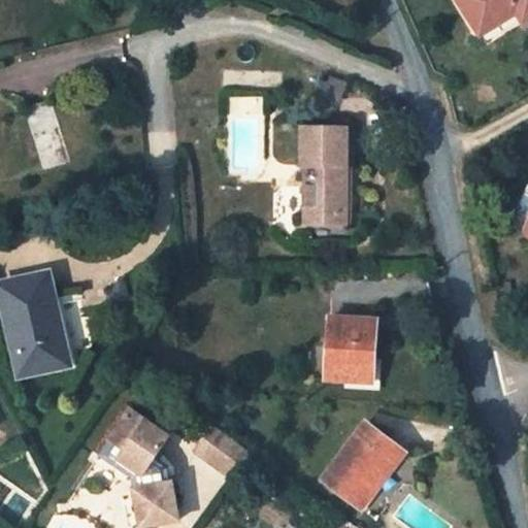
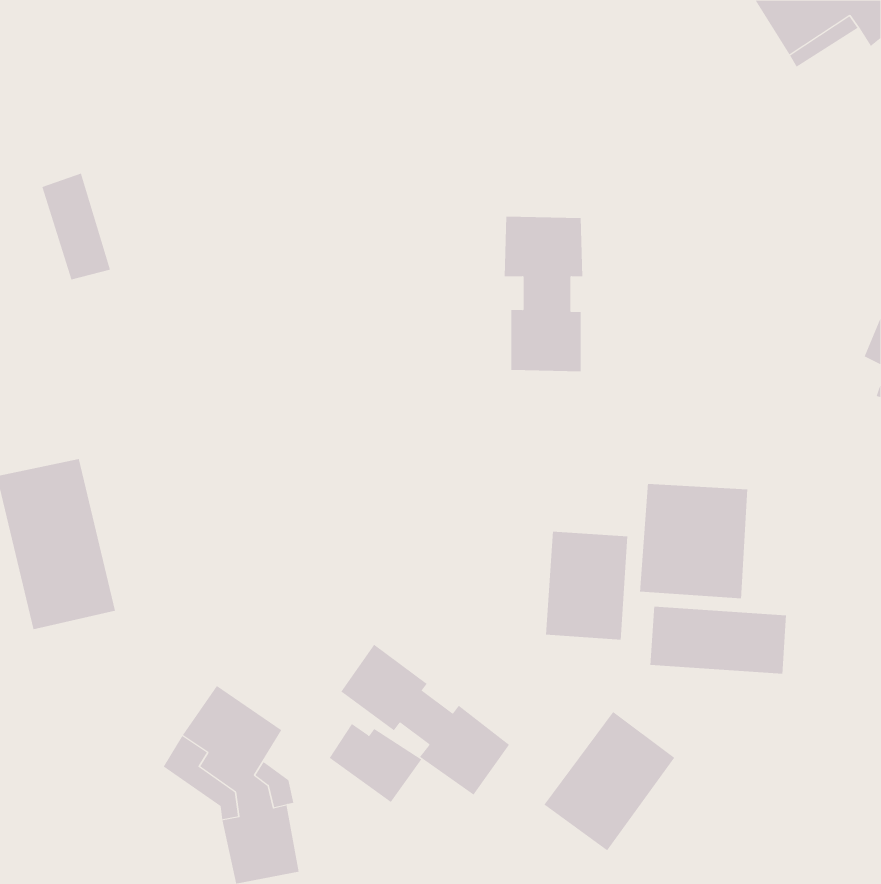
building: none -> [640,483,748,599]
building: none -> [650,606,787,674]
building: none -> [340,644,510,796]

